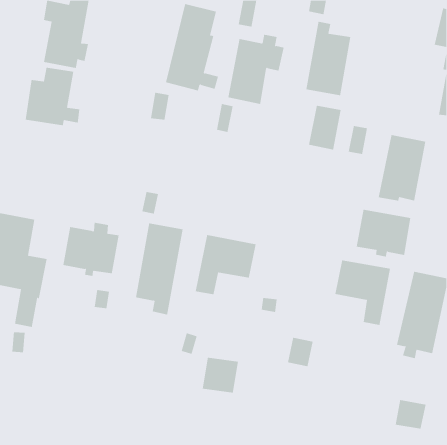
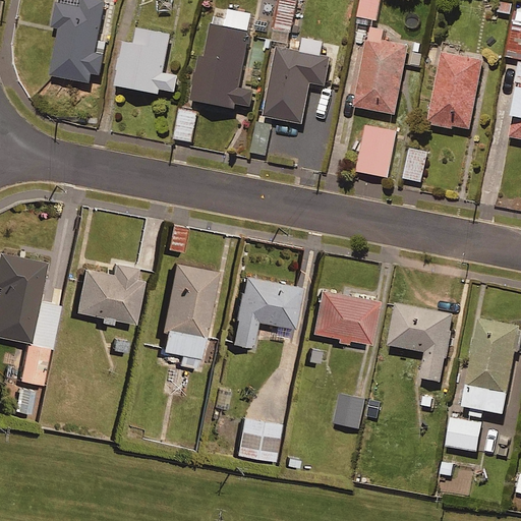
building: [25,67,80,126] -> [113,27,177,96]
building: [378,134,426,201] -> [426,52,482,129]
building: [356,209,411,257] -> [309,289,373,345]
building: [395,399,427,429] -> [445,418,481,453]

